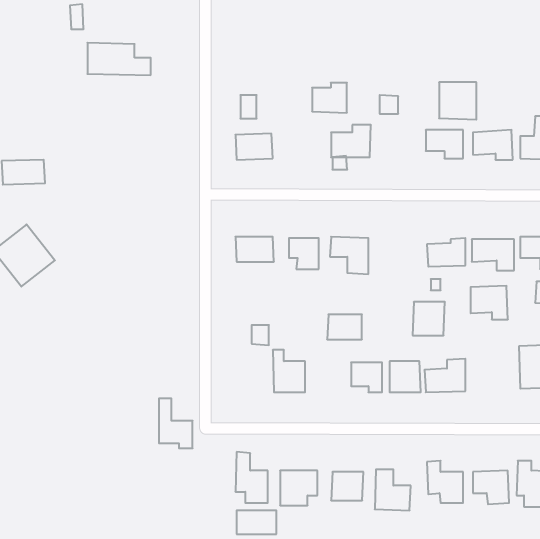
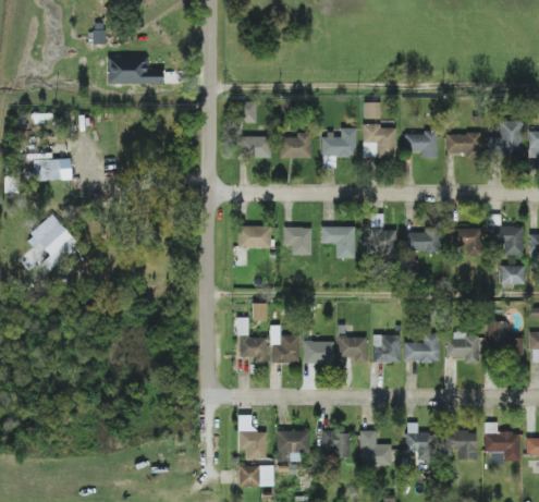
building: [439,82,476,120] -> [363,125,395,158]
building: [312,83,347,113] -> [280,132,310,158]
building: [471,286,508,319] -> [445,333,478,363]
building: [413,302,445,335] -> [368,228,396,257]
building: [327,314,362,339] -> [303,341,333,363]
building: [159,398,193,448] -> [237,317,267,360]

